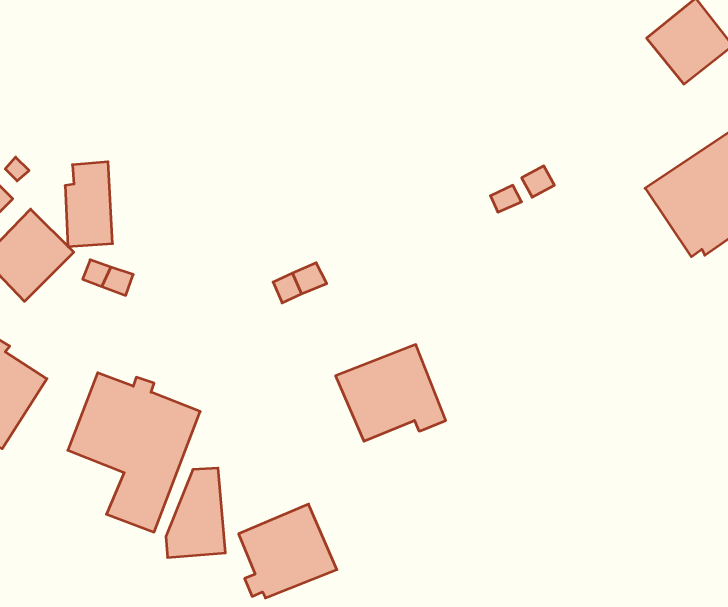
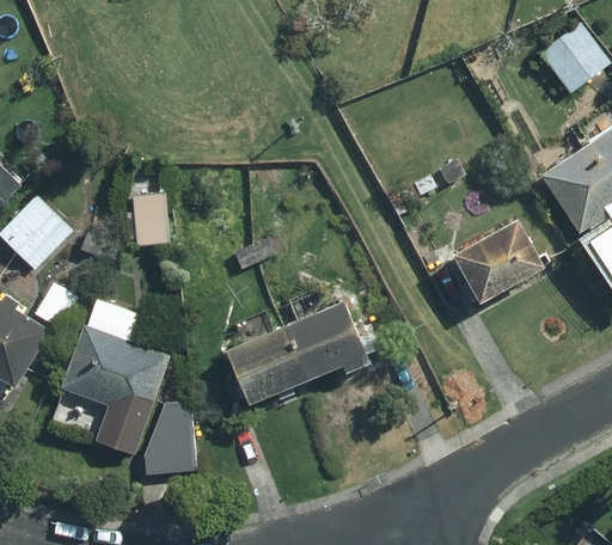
building: [65,162,113,247] -> [134,176,172,244]
building: none -> [443,225,541,306]
building: [239,504,337,598] -> [227,329,306,404]

